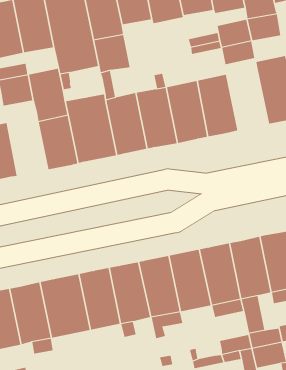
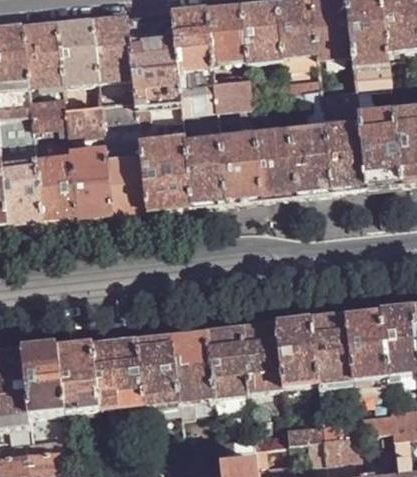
building: none -> [216,77,254,108]
building: none -> [327,122,369,190]
building: none -> [72,147,114,218]

